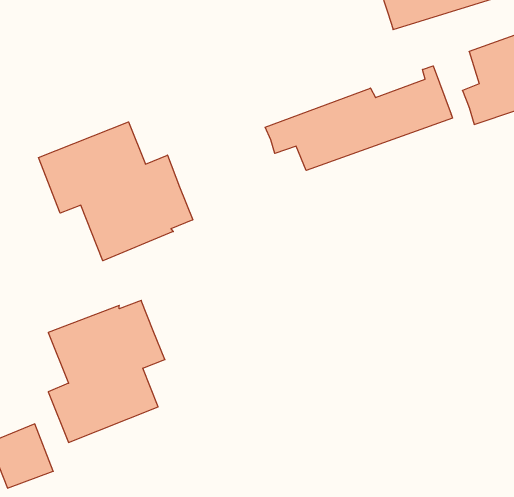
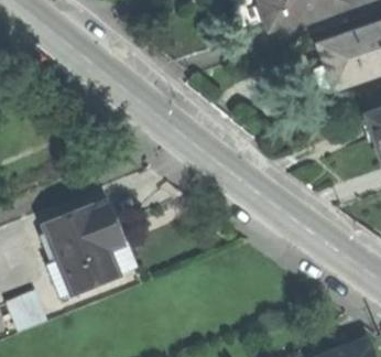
building: [265,66,453,170] -> none
building: [39,122,193,261] -> none

